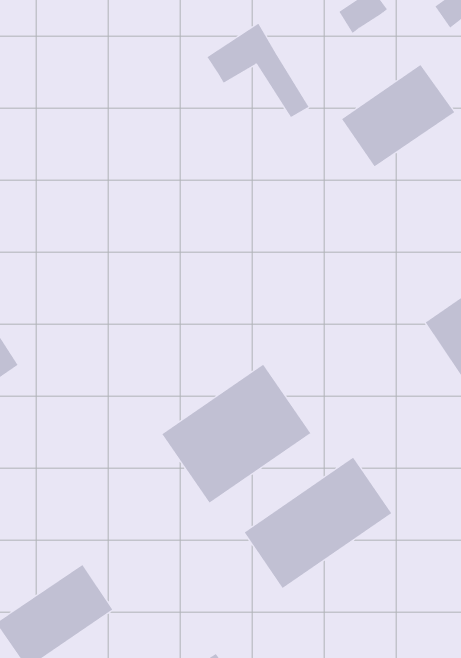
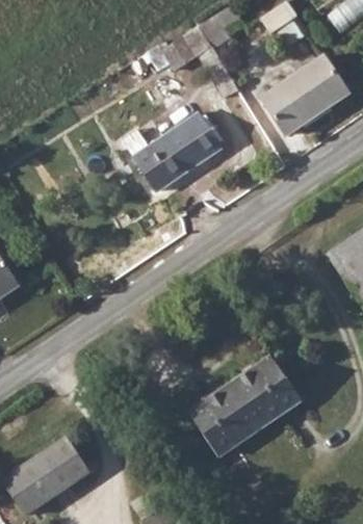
building: none -> [134,113,222,191]
building: [161,364,311,503] -> none

